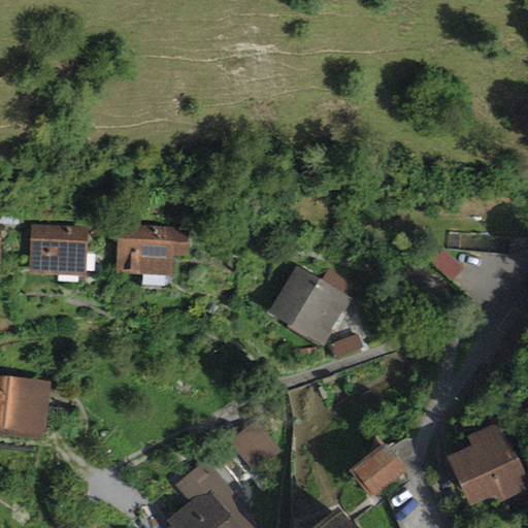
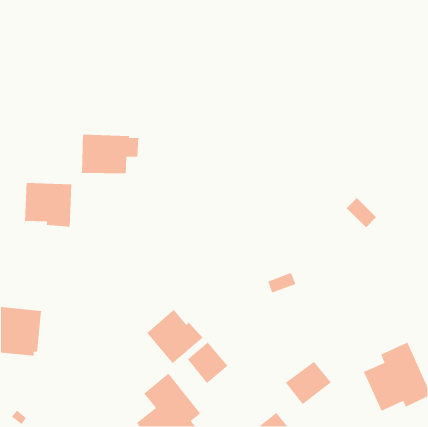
building: [118,225,189,274] -> [81,134,139,174]
building: [267,264,352,346] -> none
building: none -> [146,309,203,364]

